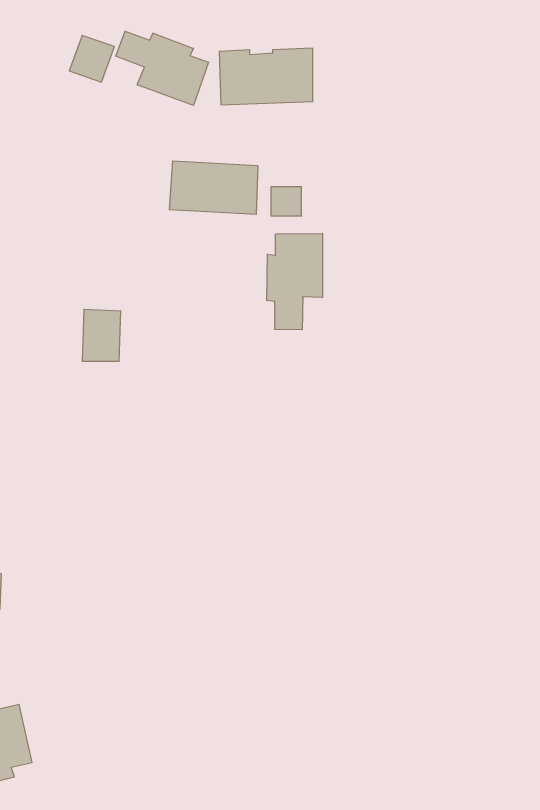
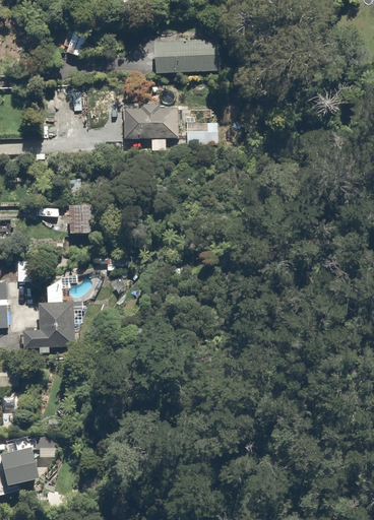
building: [116,31,209,105] -> none
building: [267,233,322,330] -> none
building: none -> [23,278,76,346]

